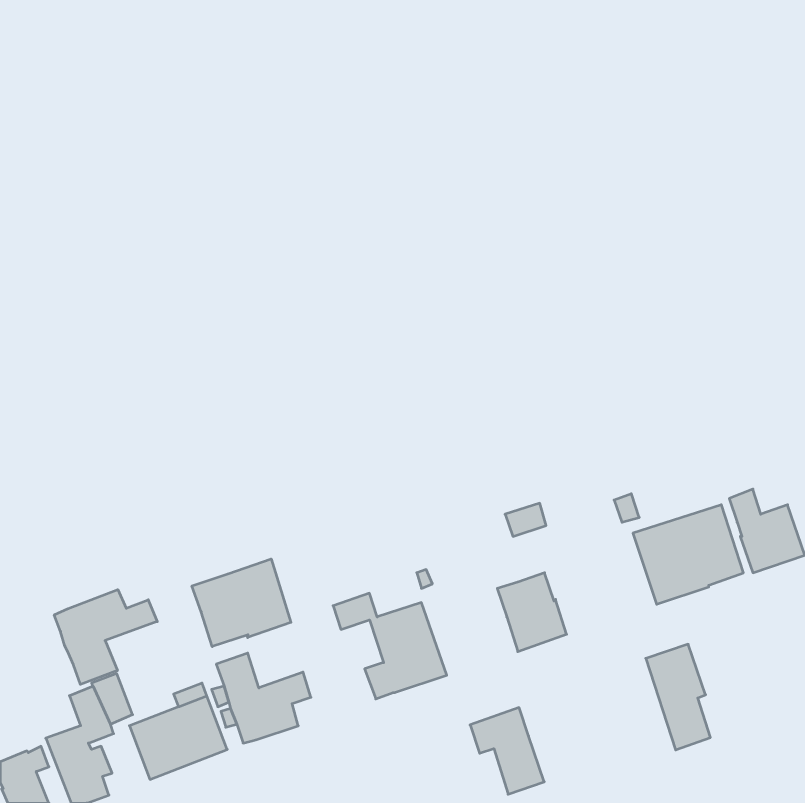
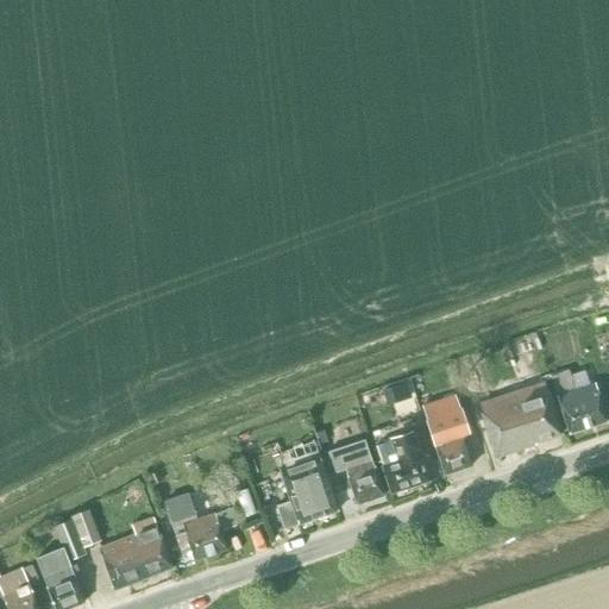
building: [192,559,291,647] -> none
building: [54,590,157,684] -> none
building: [646,644,710,750] -> [422,394,471,473]
building: [470,708,544,794] -> [328,438,384,503]

